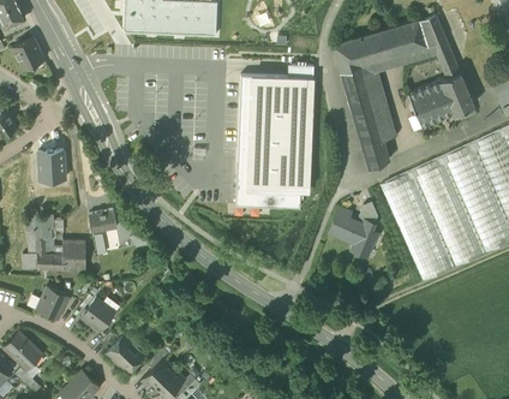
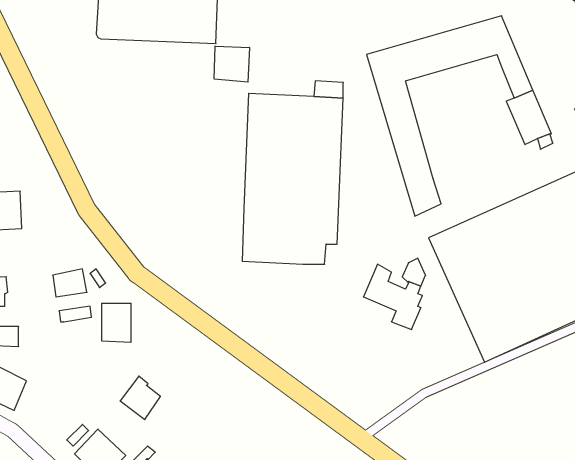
building: none -> [214,46,249,82]
building: [361,44,436,141] -> none
building: [407,81,454,127] -> none
building: [62,242,85,272] -> [102,303,131,342]
building: [82,297,113,330] -> [120,376,160,420]

